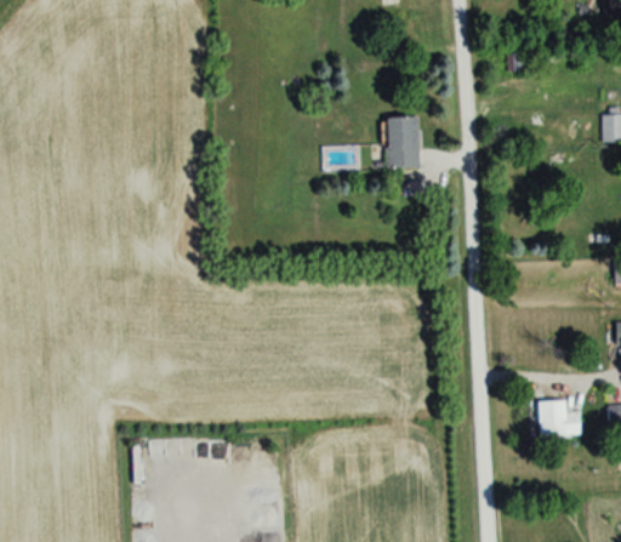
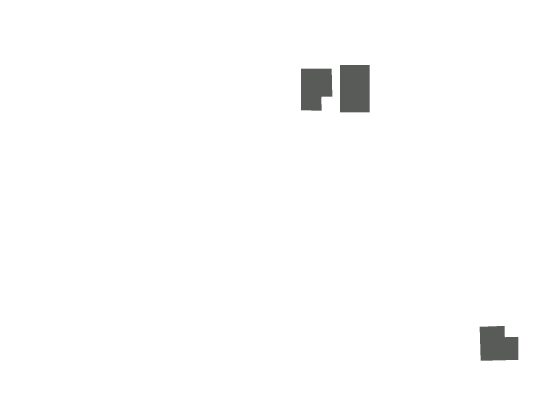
building: none -> [300,68,333,111]

